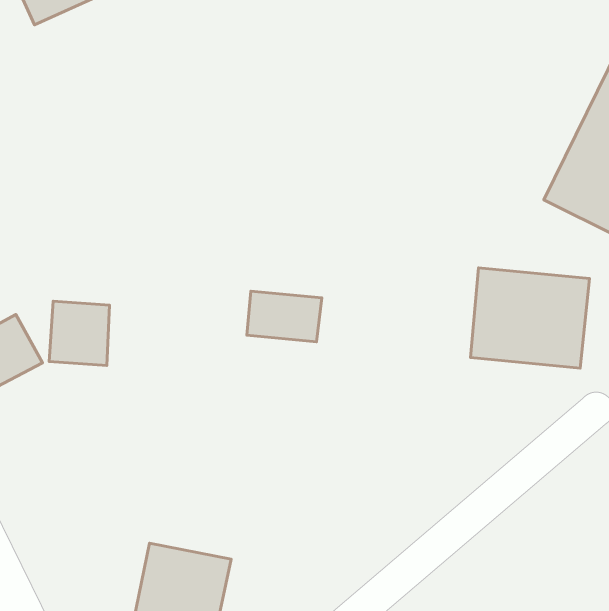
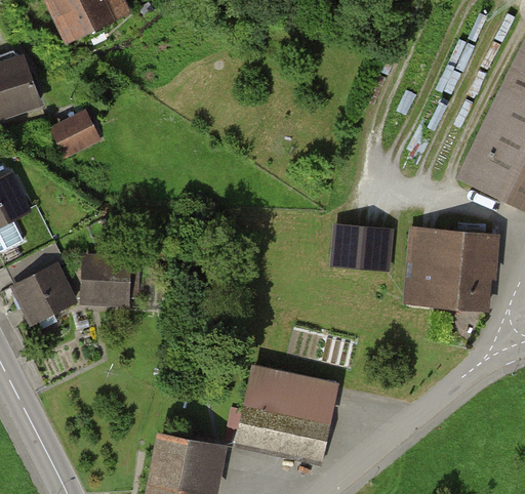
building: none -> [52,115,97,157]
building: [247,291,322,342] -> [329,228,387,266]
building: none -> [239,367,339,461]

